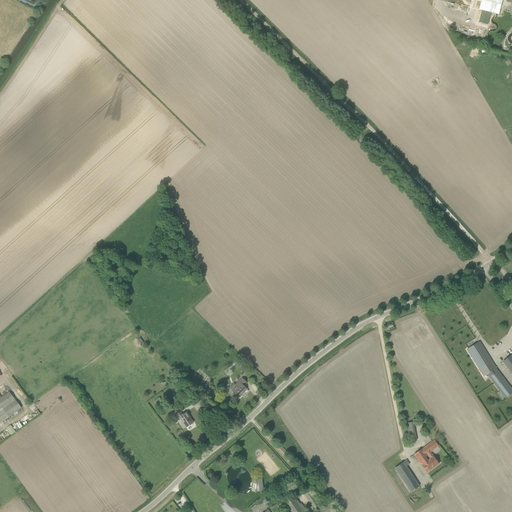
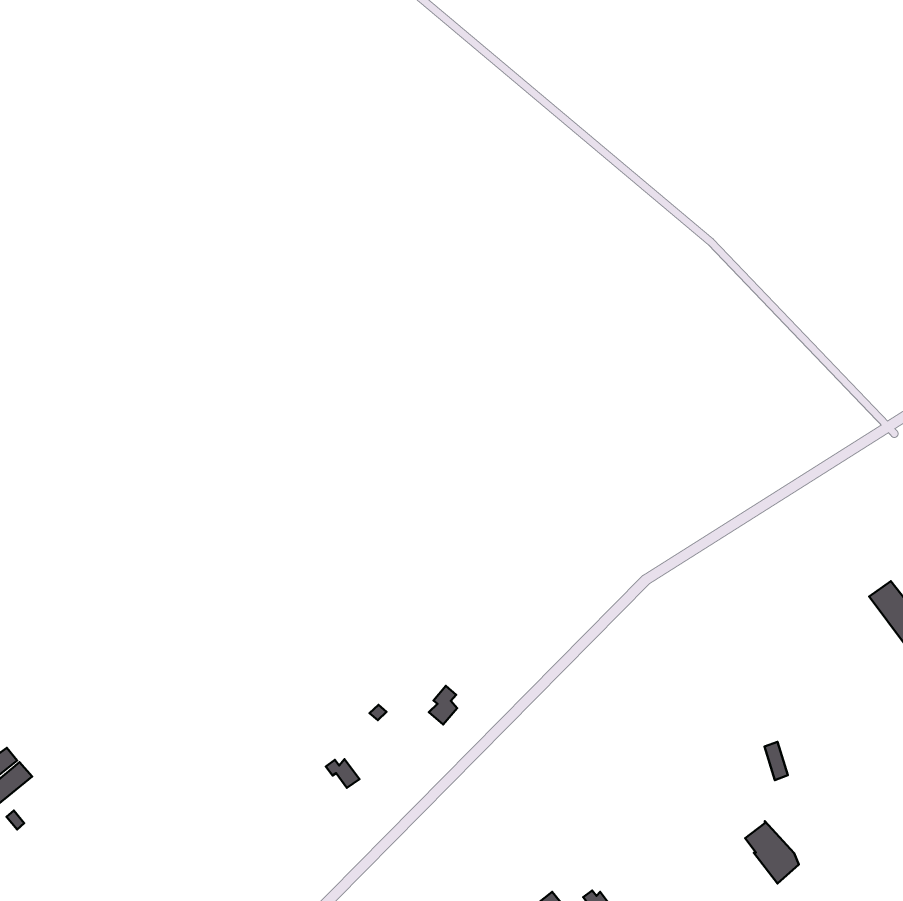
building: [415,439,440,471] -> none

